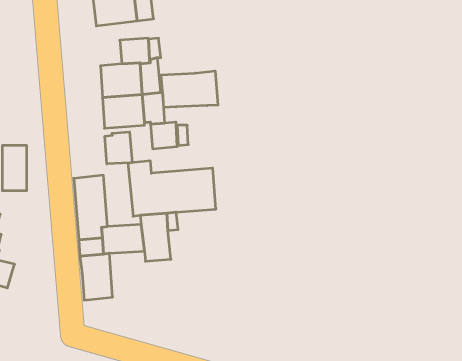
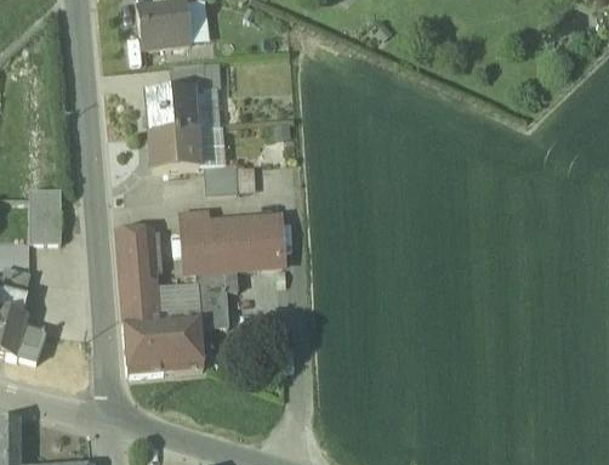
building: [161,71,218,108] -> none
building: [105,132,132,164] -> none
building: none -> [158,314,204,369]

